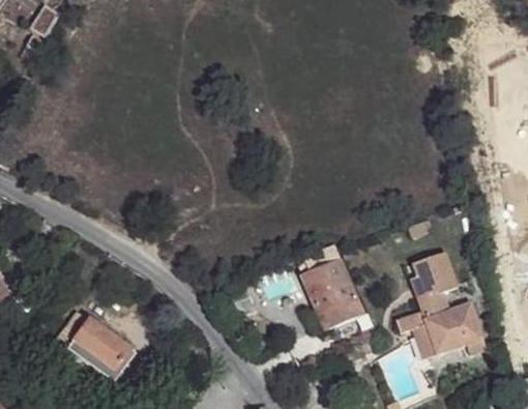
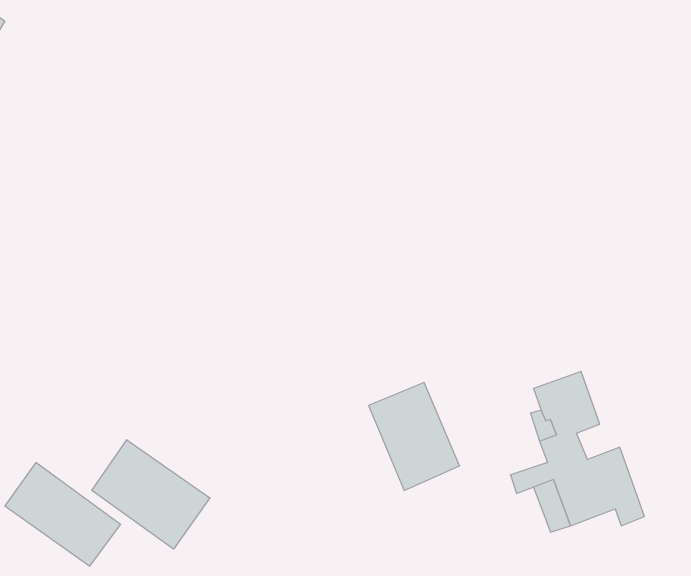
building: none -> [92,440,210,549]

